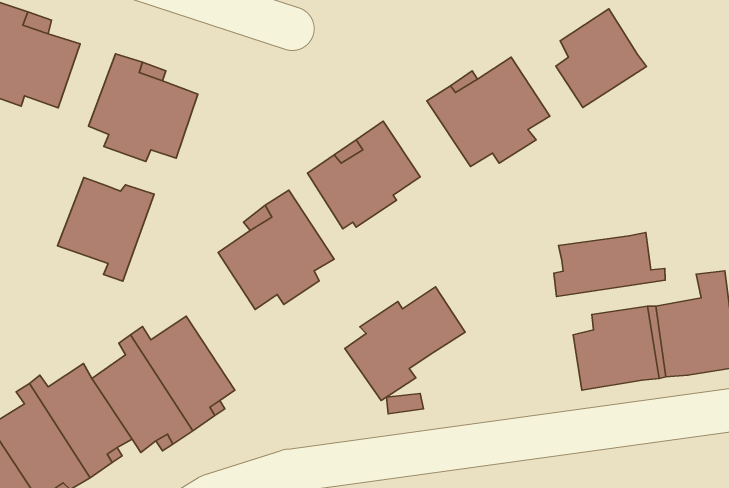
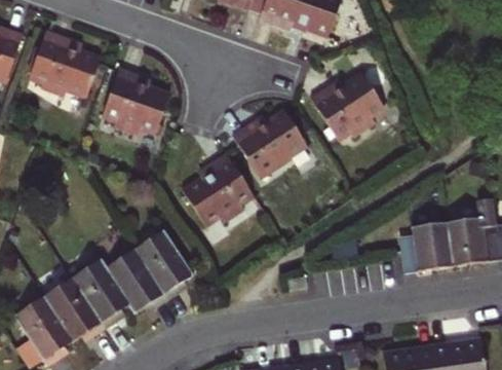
building: [556,9,647,107] -> none
building: [58,177,154,281] -> none
building: [554,232,665,297] -> none
building: [345,287,465,401] -> none

